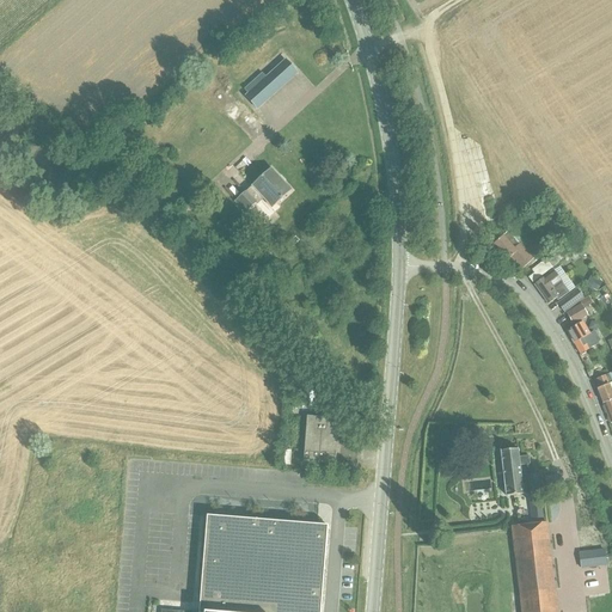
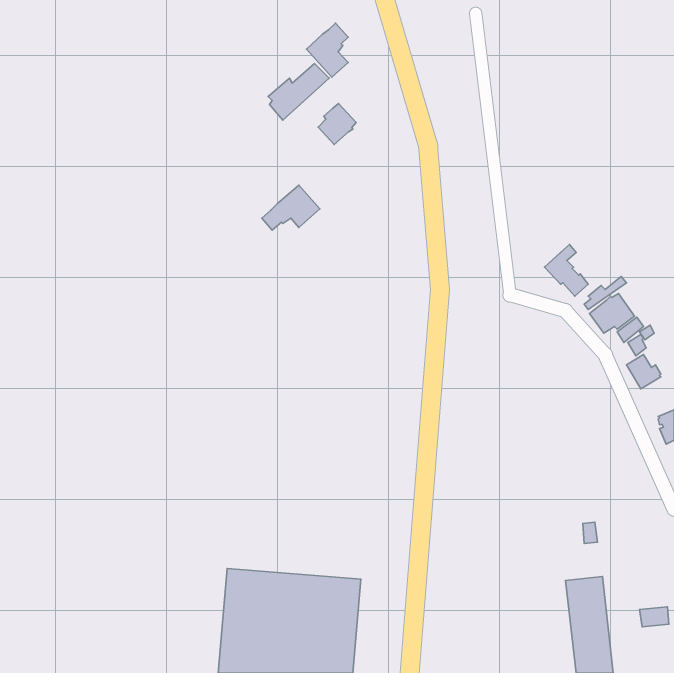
building: none -> [306,23,348,77]
building: none -> [318,104,356,144]
building: [302,414,338,461] -> none
building: [500,447,530,494] -> none

